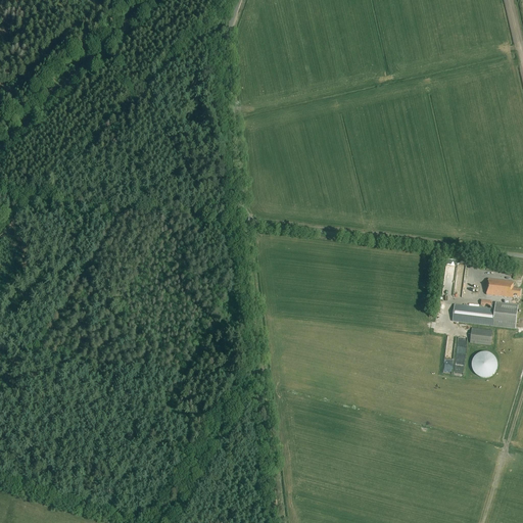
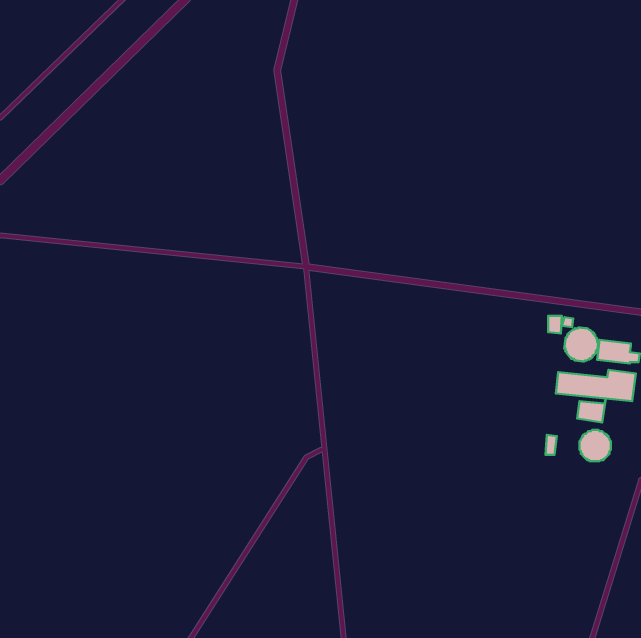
building: none -> [564,327,598,362]

